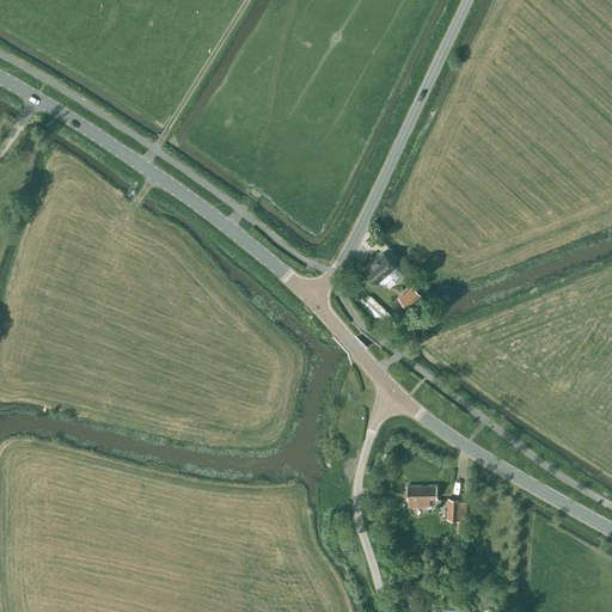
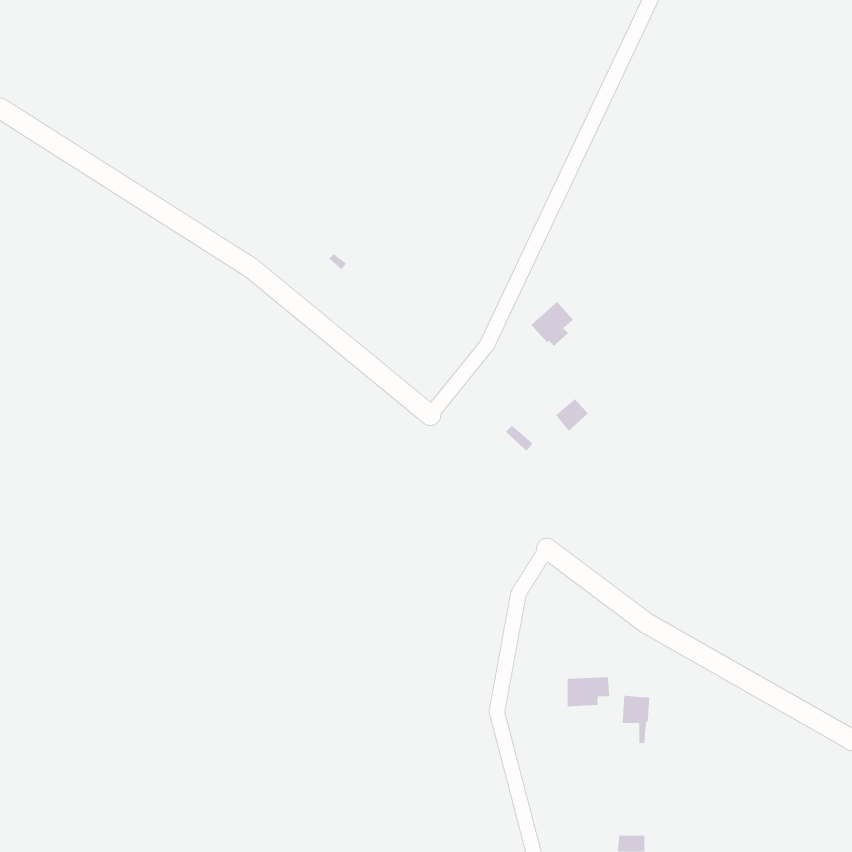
building: [365,253,396,286] -> [530,301,574,346]

